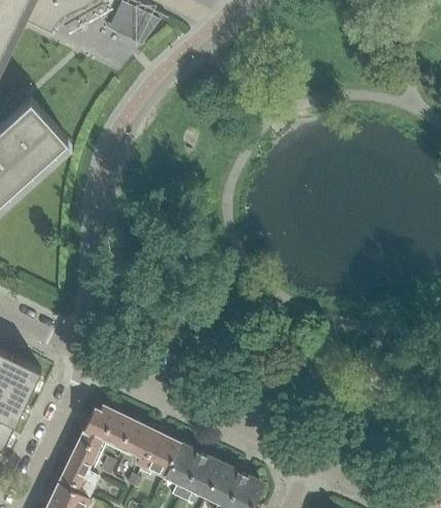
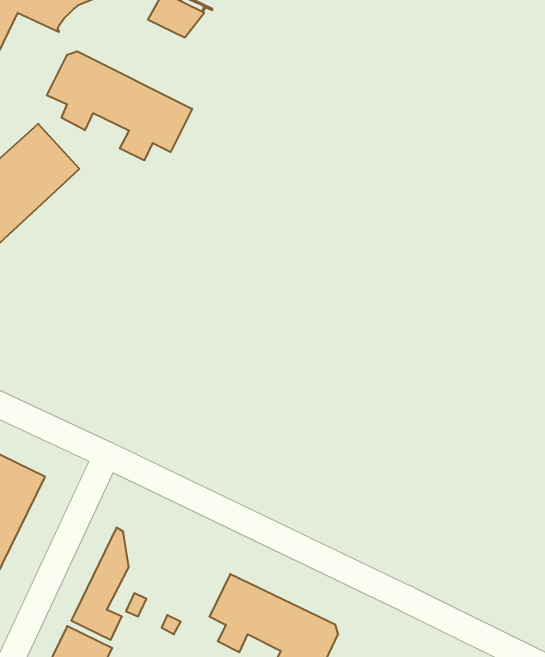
building: none -> [47,51,192,160]
building: [99,407,179,477] -> none

